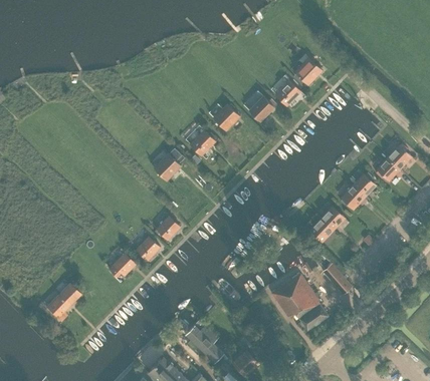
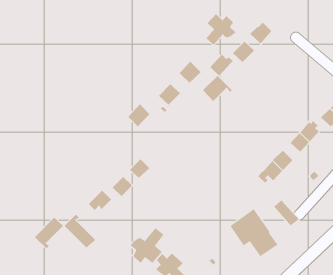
building: none -> [205,14,236,46]
building: none -> [202,75,233,102]
building: none -> [64,214,96,248]
building: none -> [130,227,164,264]

